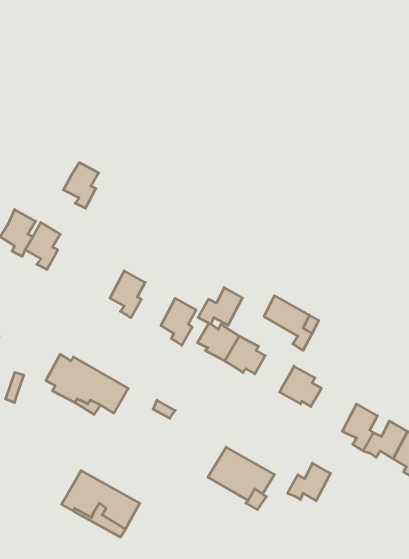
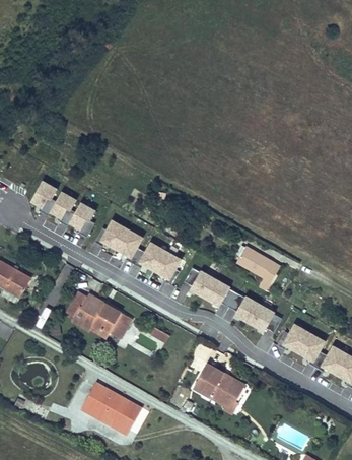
building: [63,163,99,208] -> [70,201,97,237]
building: none -> [94,219,128,249]
building: [198,287,243,325] -> [133,241,167,270]
building: none -> [229,293,260,322]
building: [288,463,331,501] -> [275,323,308,352]

